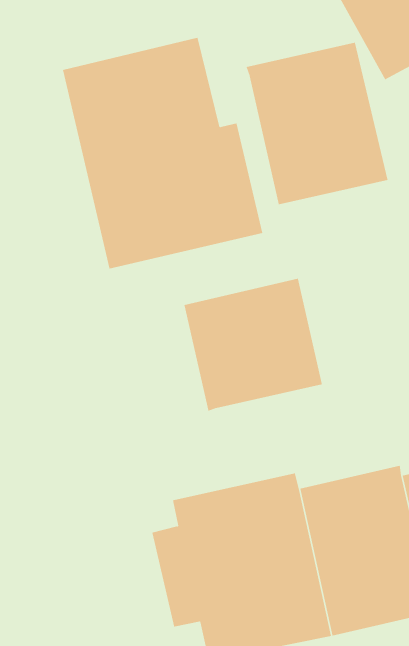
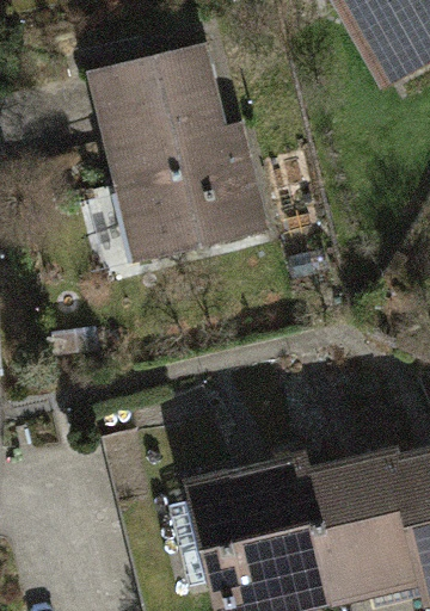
building: [246,42,388,205] -> none
building: [184,278,322,412] -> none

